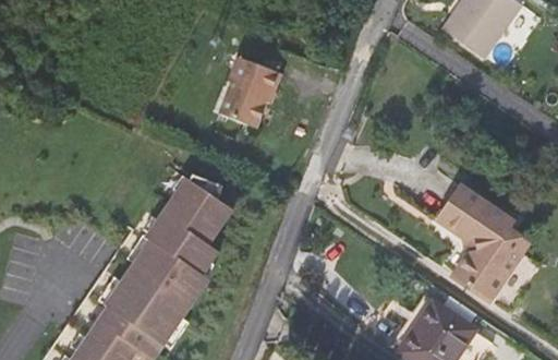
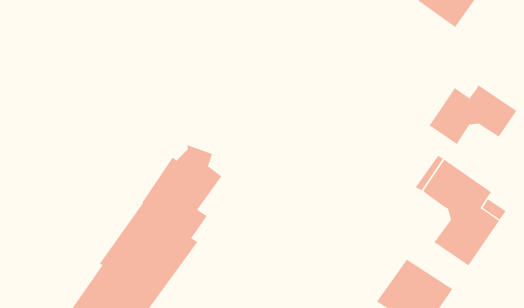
building: [223,44,284,129] -> none
building: none -> [429,85,517,145]

